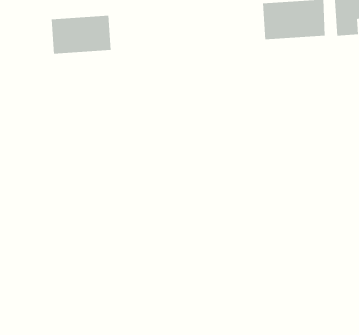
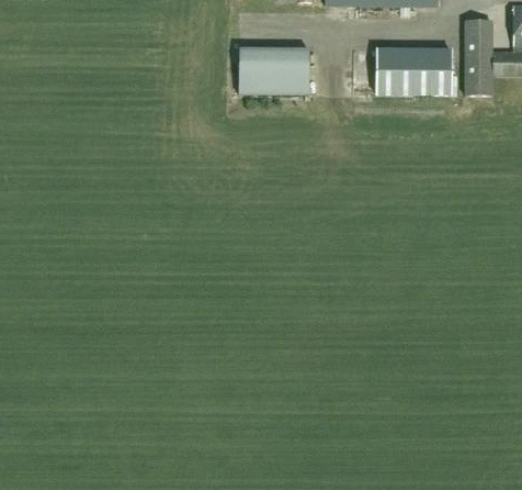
building: [51,15,111,54] -> [239,51,310,93]

